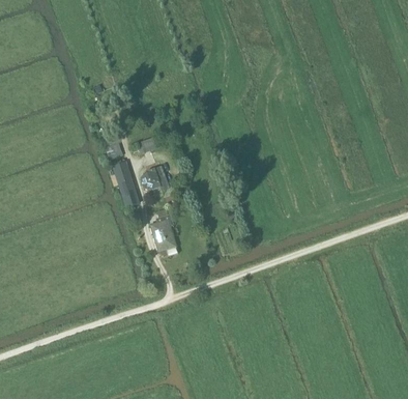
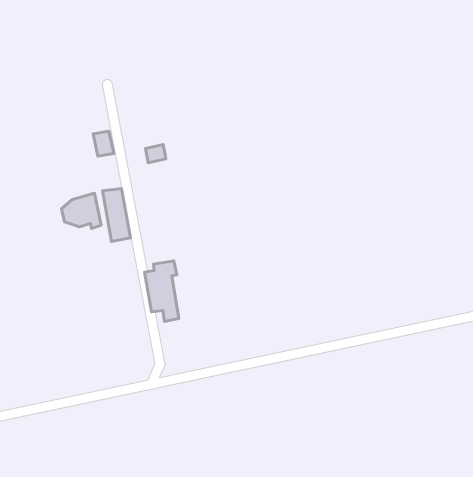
building: [140,165,168,189] -> [62,193,101,228]

